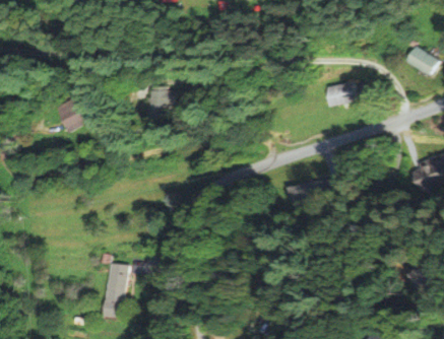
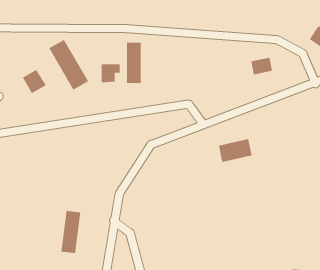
building: none -> [48,39,89,90]
building: none -> [126,42,141,84]

